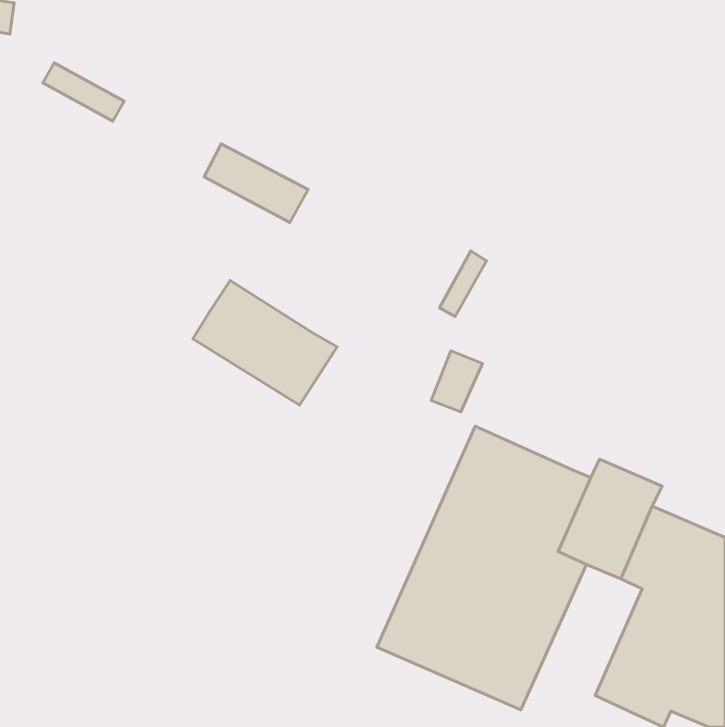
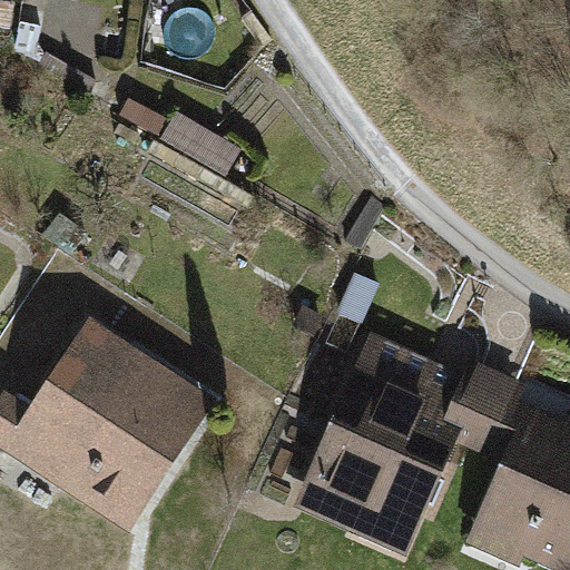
building: [193,280,337,405] -> none
building: none -> [6,317,218,527]

